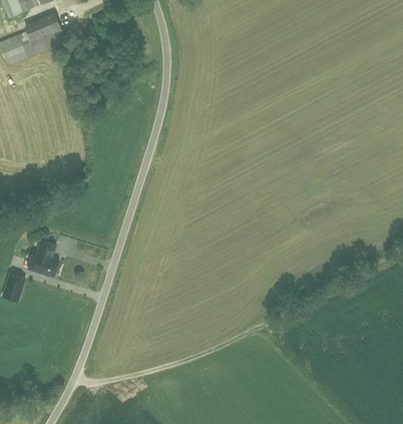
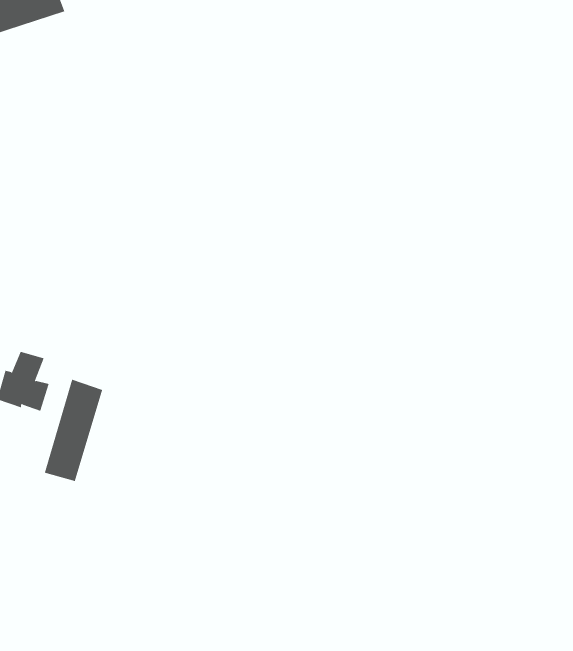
building: none -> [44,379,103,482]

